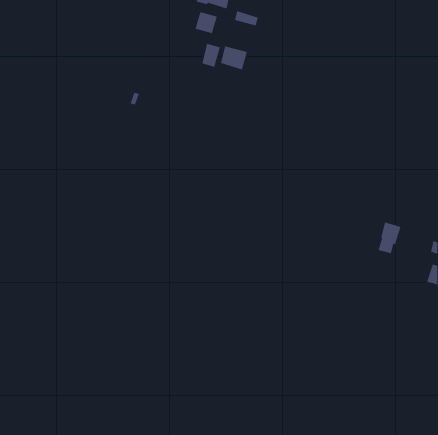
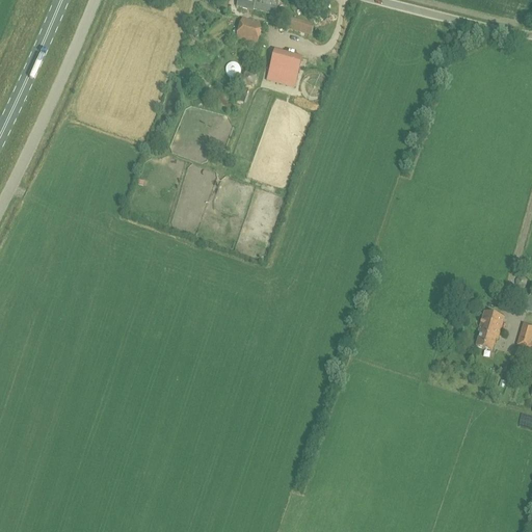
building: [202,43,221,68] -> none
building: [378,221,402,254] -> [476,309,505,348]

